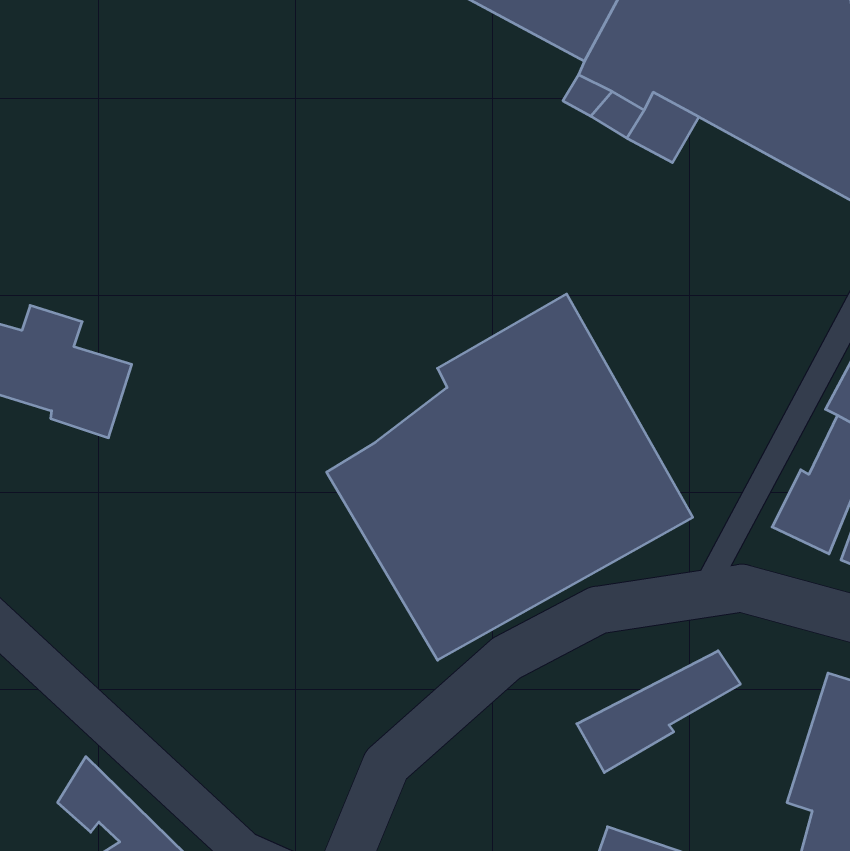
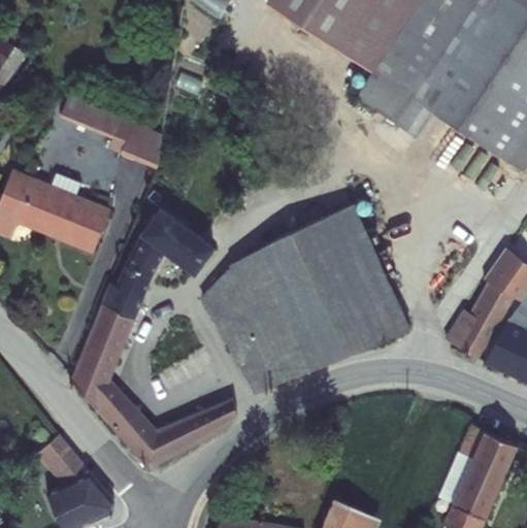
building: none -> [60,96,160,169]
building: none -> [72,207,239,465]
building: [577,651,740,773] -> none

